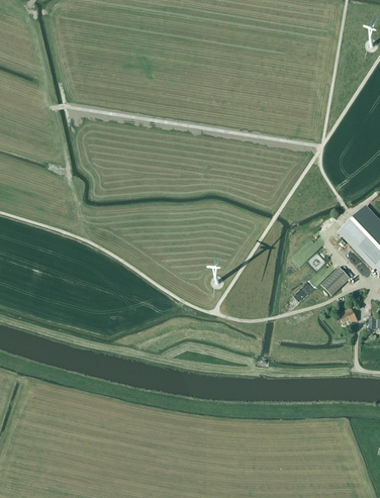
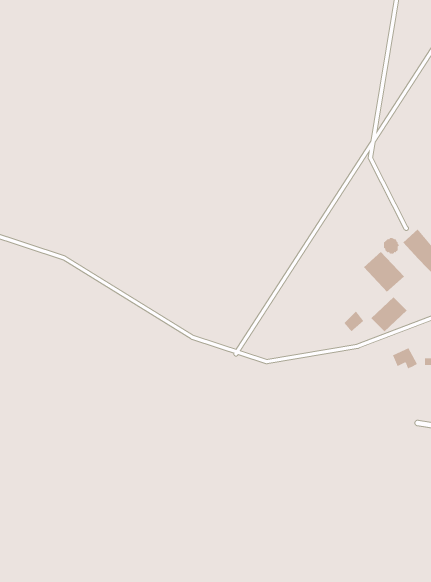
building: none -> [363,251,405,292]

